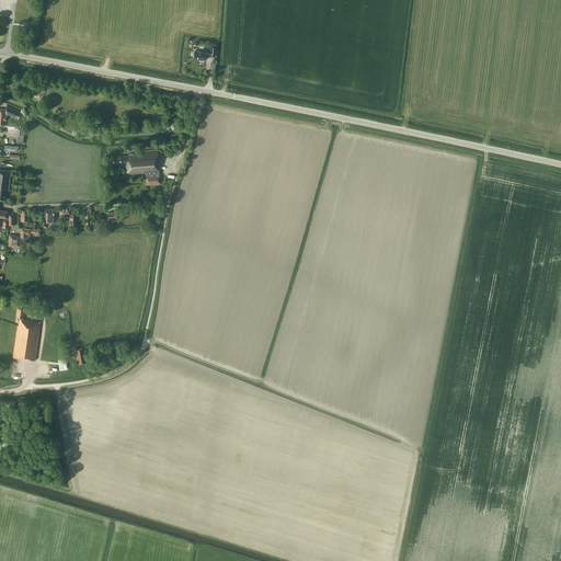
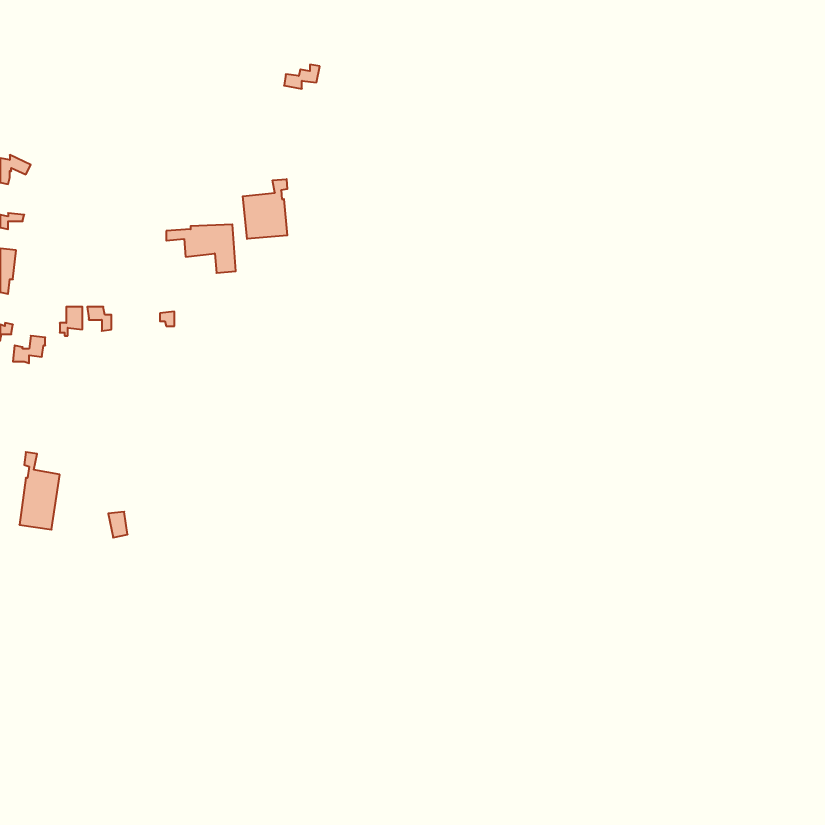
building: none -> [243,179,287,239]

